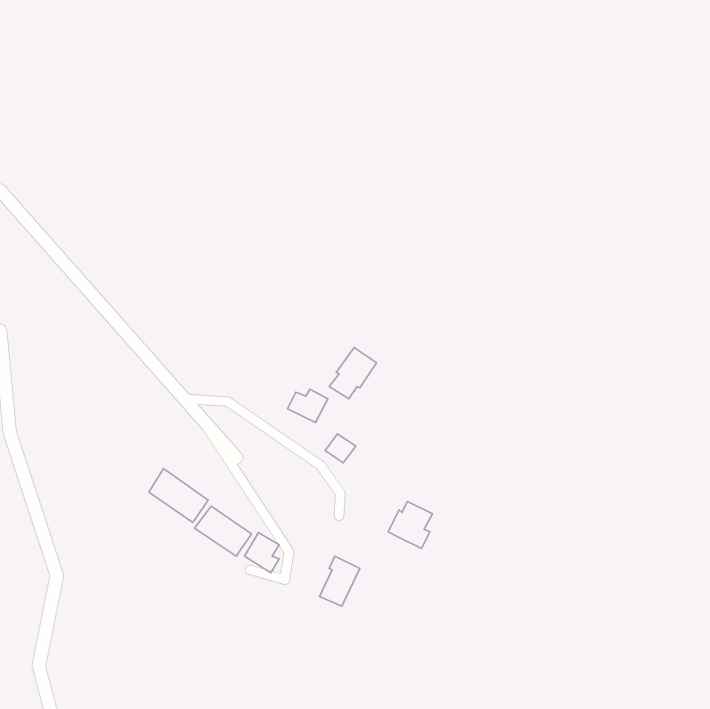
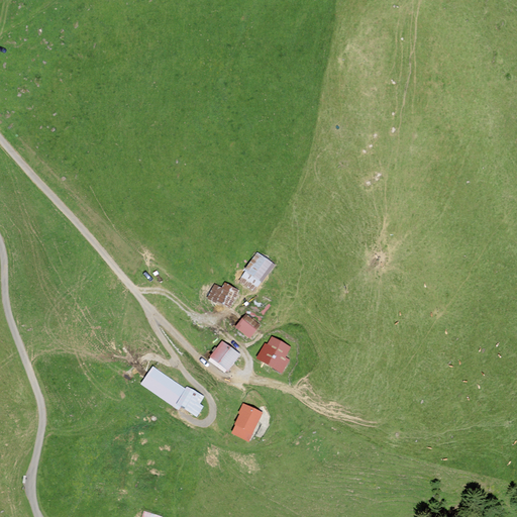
building: [149,469,208,522] -> none
building: none -> [211,342,238,369]
building: [388,501,433,549] -> [257,337,290,372]

